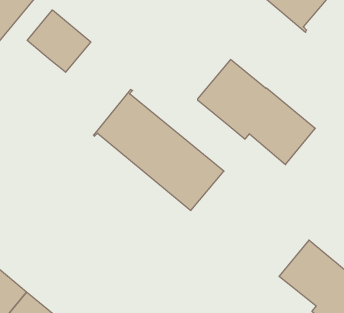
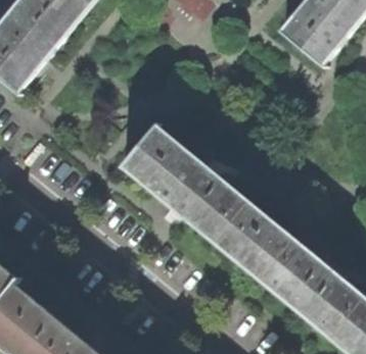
building: [27,10,91,72] -> none
building: [198,60,315,165] -> [212,201,325,302]

